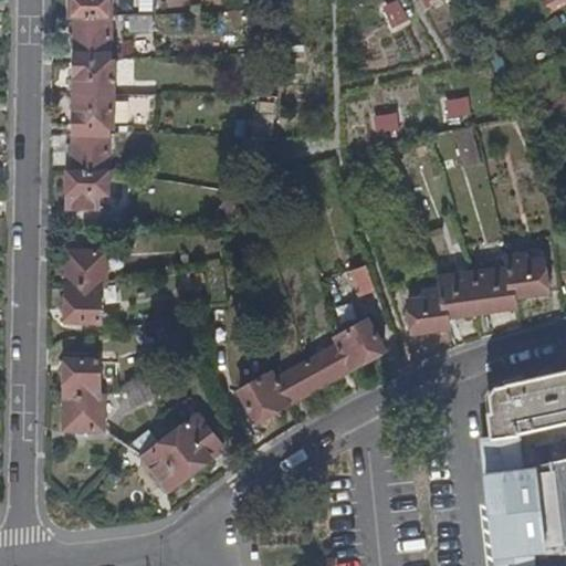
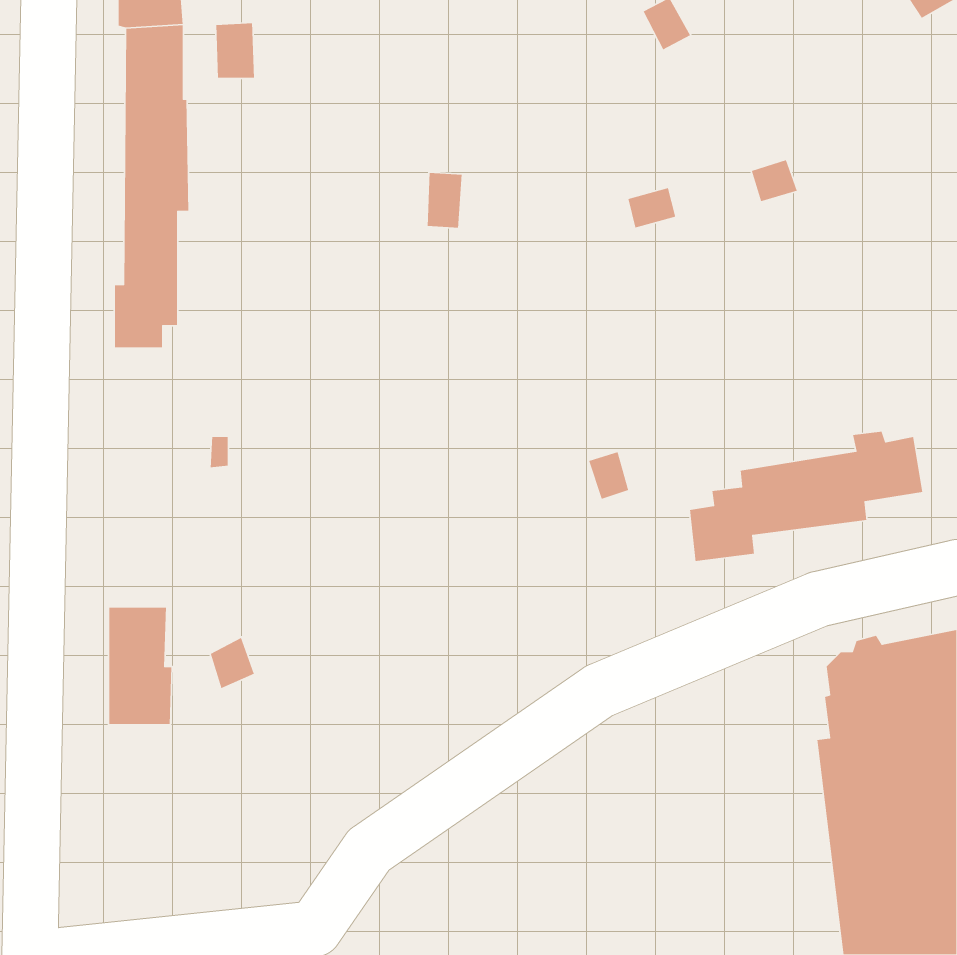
building: [64,250,104,321] -> none
building: [240,319,381,421] -> none
building: [143,416,222,490] -> none

